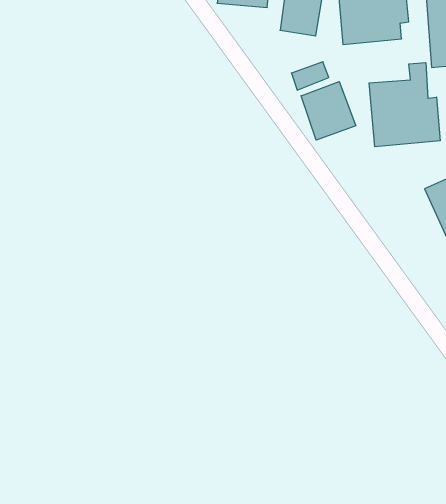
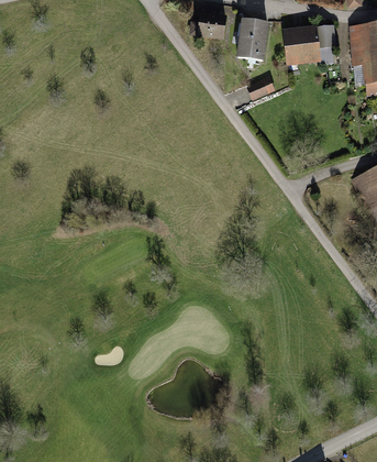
building: [369,63,440,147] -> none
building: [301,82,356,140] -> none

